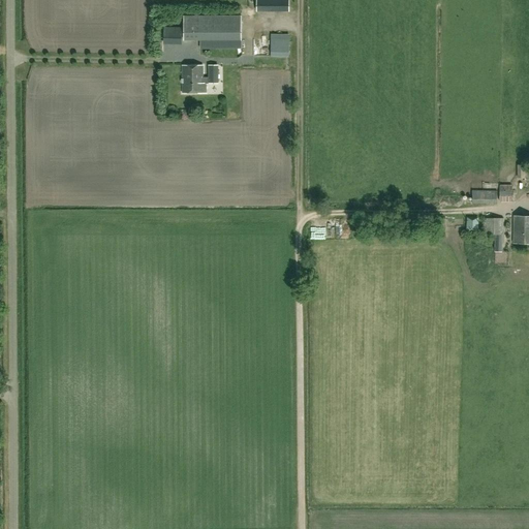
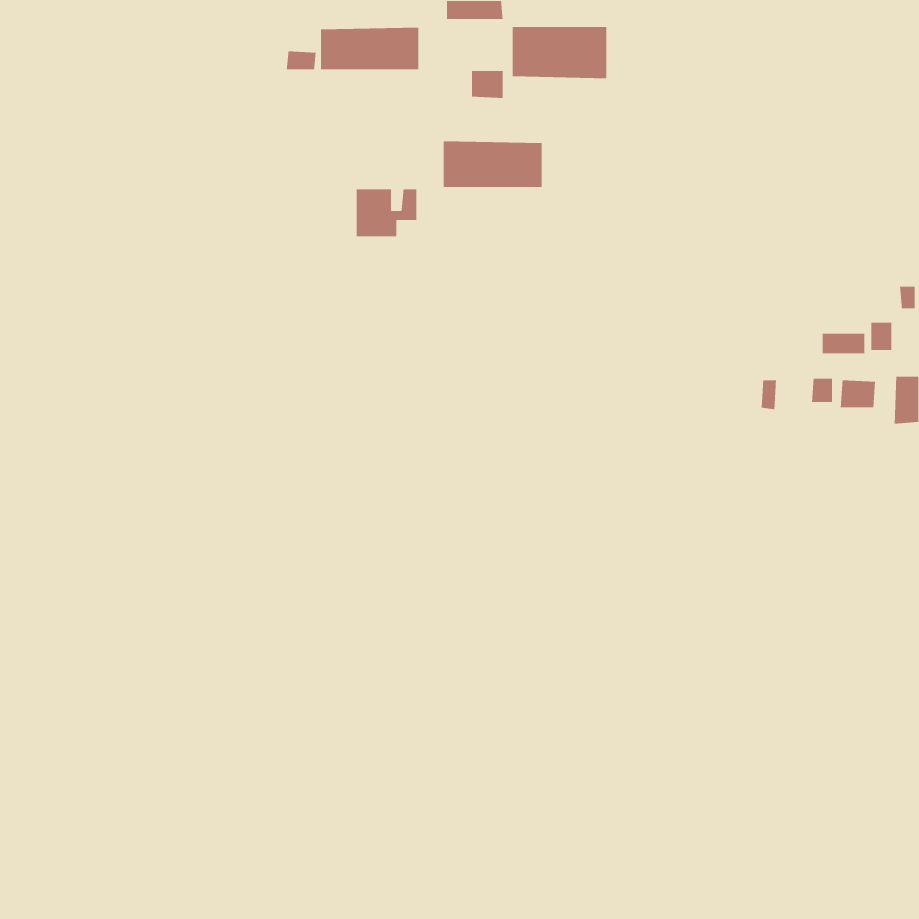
building: none -> [512,26,607,79]
building: [183,65,218,93] -> [356,189,417,237]
building: none -> [443,141,543,188]

